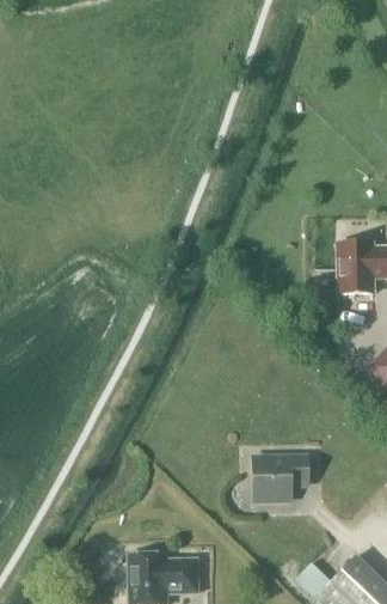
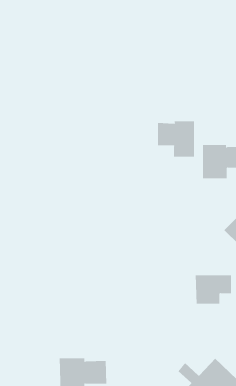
building: none -> [157,120,194,158]
building: [253,456,307,499] -> [195,275,232,304]

